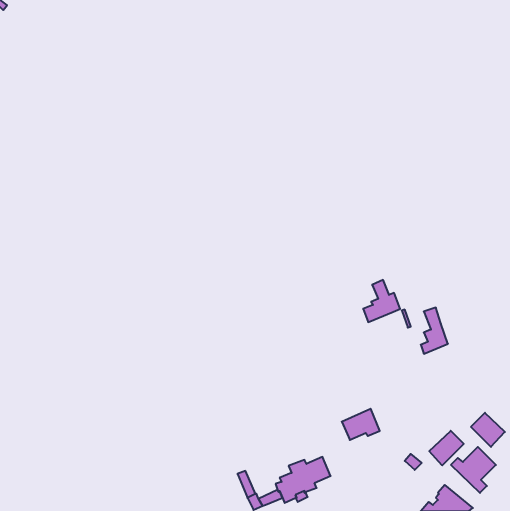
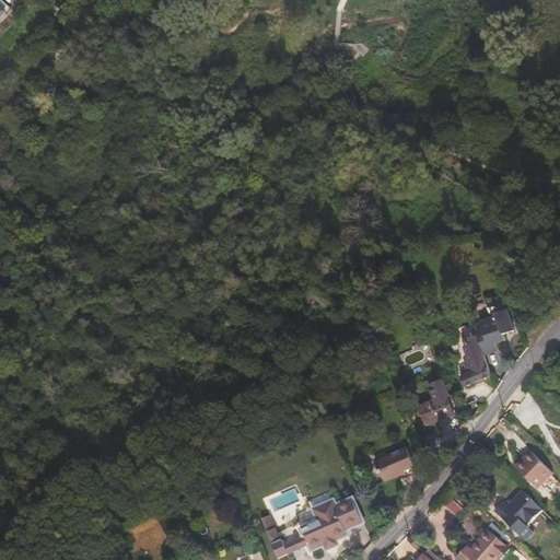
building: [363,280,400,322] -> [419,378,459,424]
building: none -> [474,308,512,353]
building: [429,431,464,465] -> none

